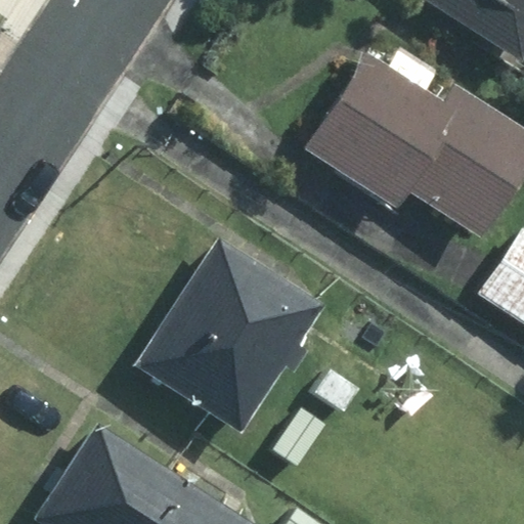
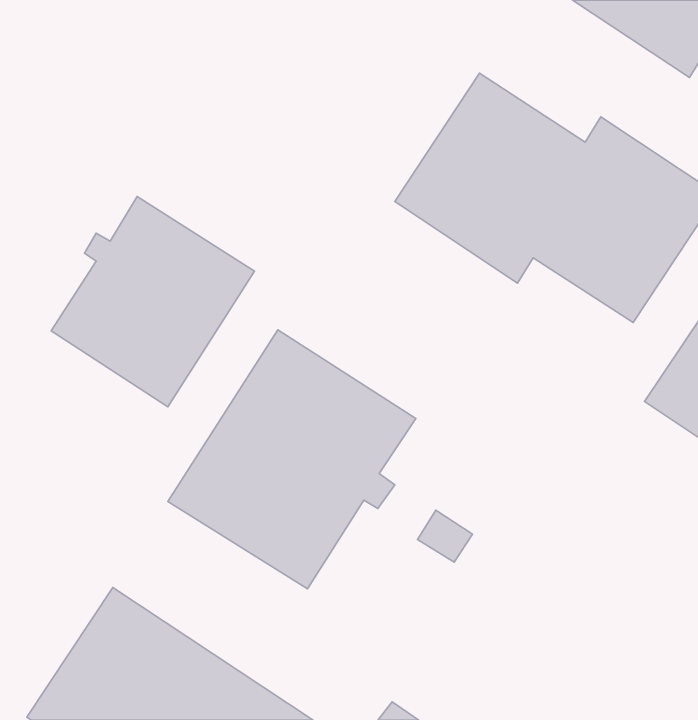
building: none -> [51,197,254,407]

